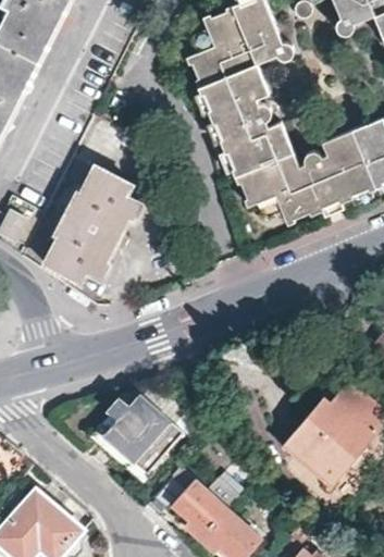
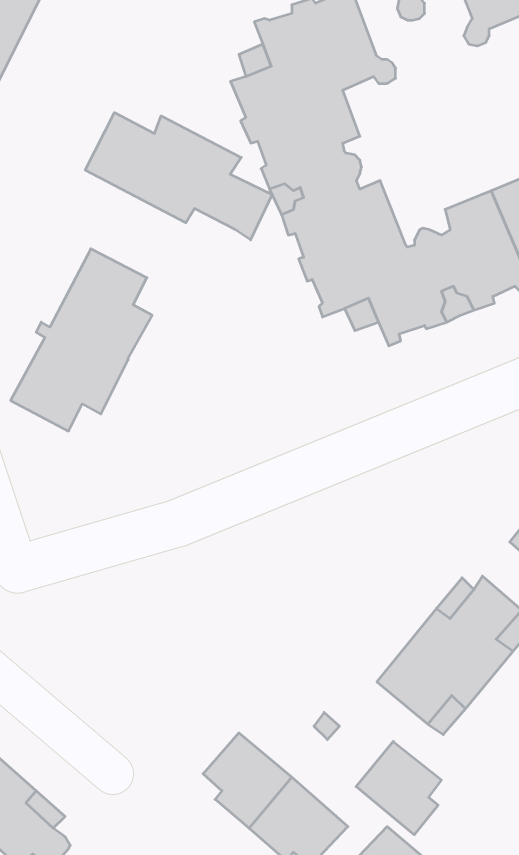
building: none -> [85,113,272,240]
building: [101,392,183,473] -> none
building: none -> [356,741,441,835]

